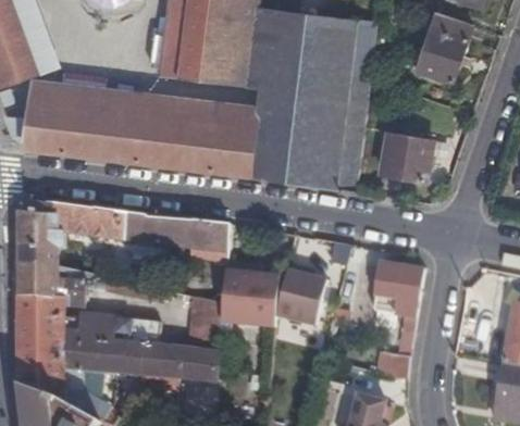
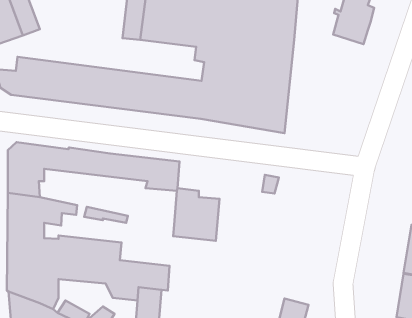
building: [29,76,258,128] -> none
building: [381,133,432,181] -> none
building: [372,265,422,380] -> none
building: [274,267,324,327] -> none
building: [186,299,221,349] -> none

